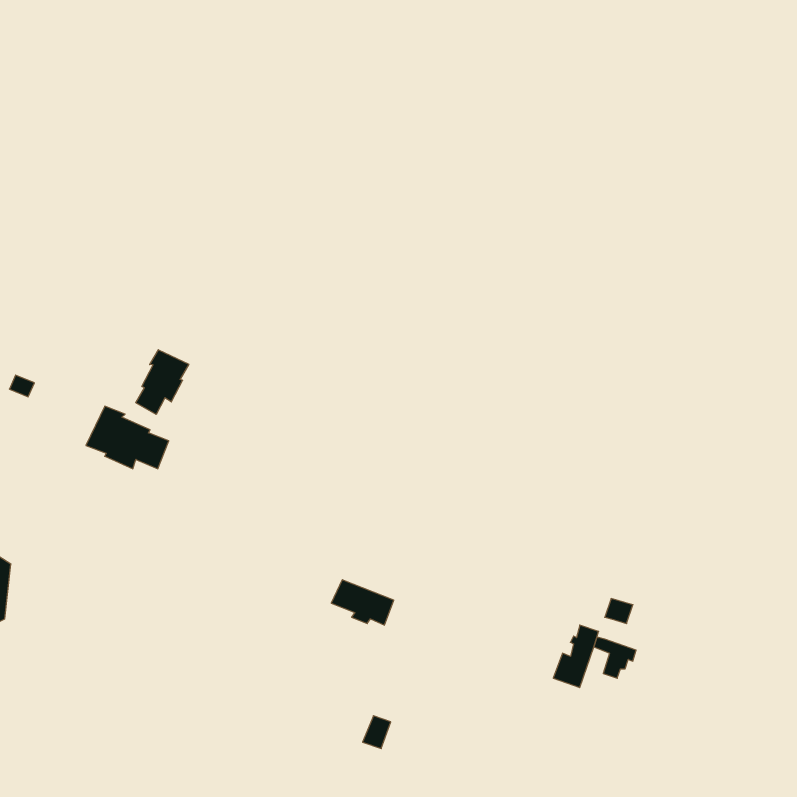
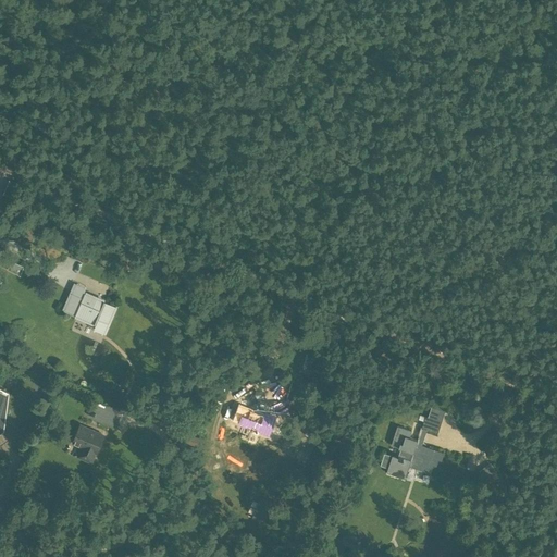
building: [136,350,189,414] -> none
building: none -> [72,426,102,462]

